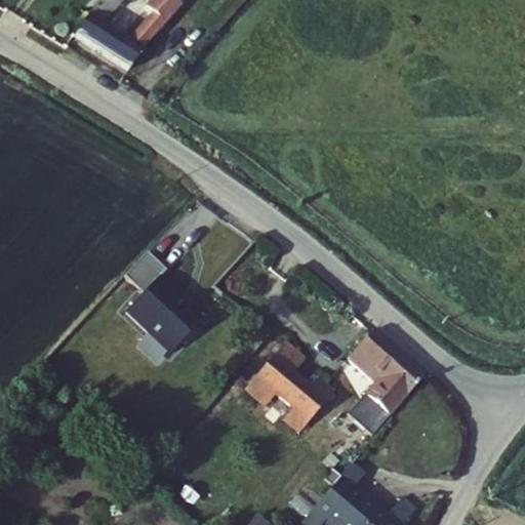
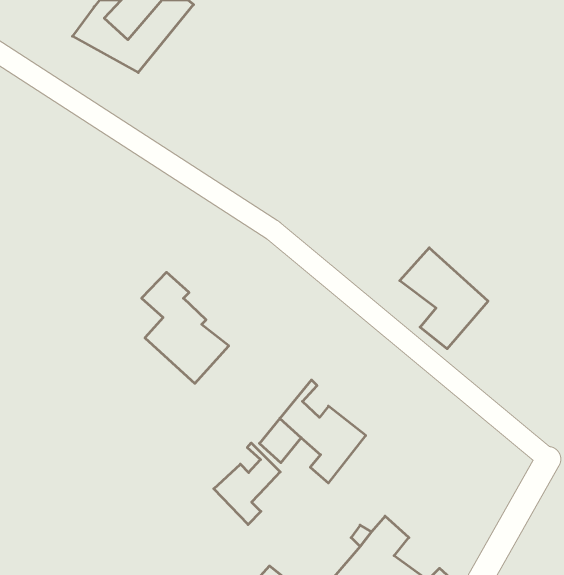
building: [330,334,410,426] -> [400,248,488,349]
building: none -> [214,443,280,525]

